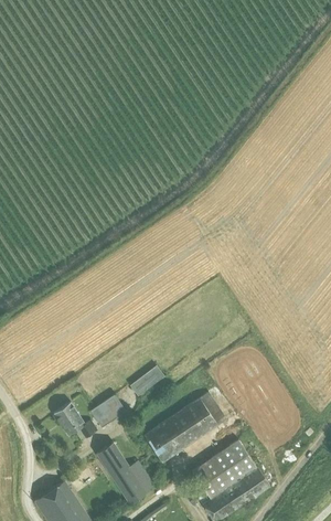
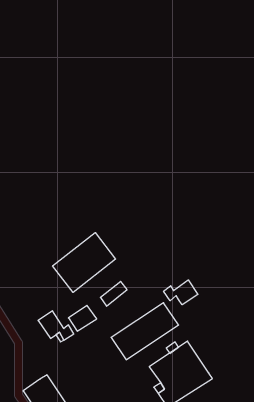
building: none -> [53,233,116,292]
building: none -> [164,280,198,305]
building: [95,442,154,504] -> none

